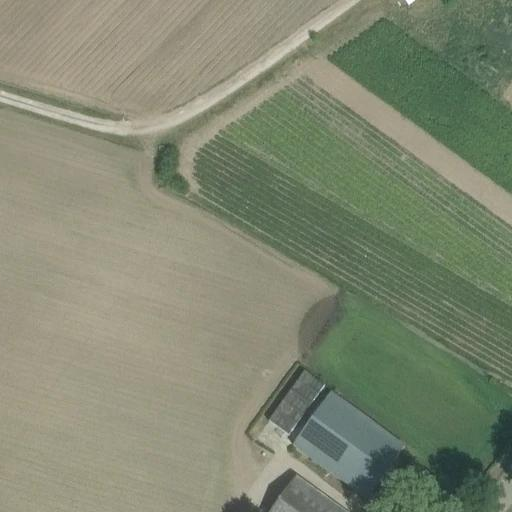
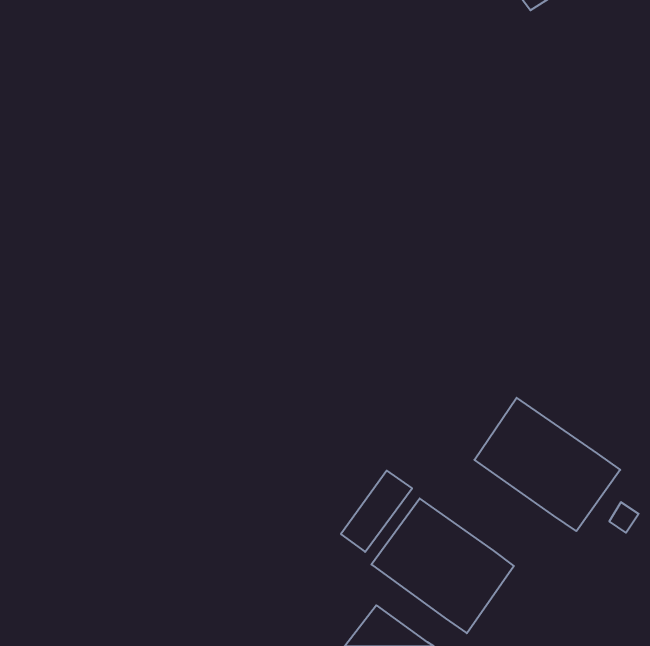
building: none -> [474,398,620,531]

